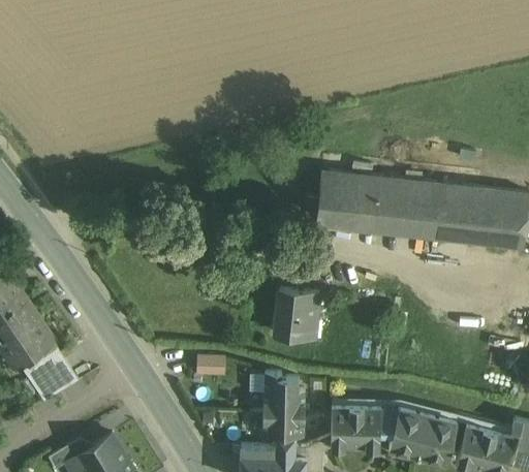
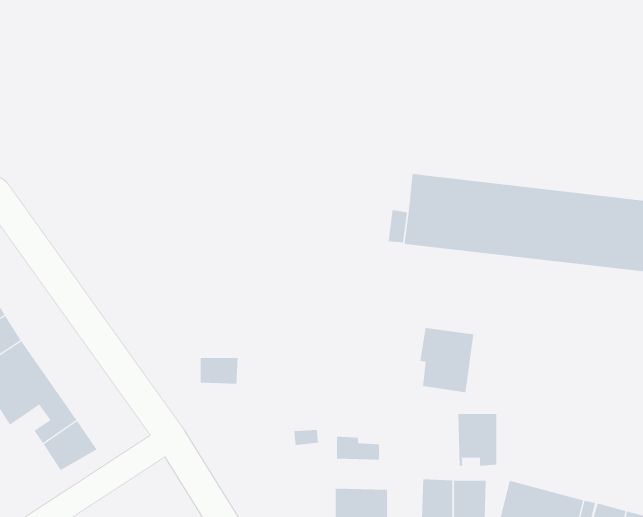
building: [276,286,318,337] -> [419,327,474,393]
building: [198,354,228,375] -> [200,357,238,384]
building: none -> [458,413,497,466]
building: [262,390,305,414] -> none

